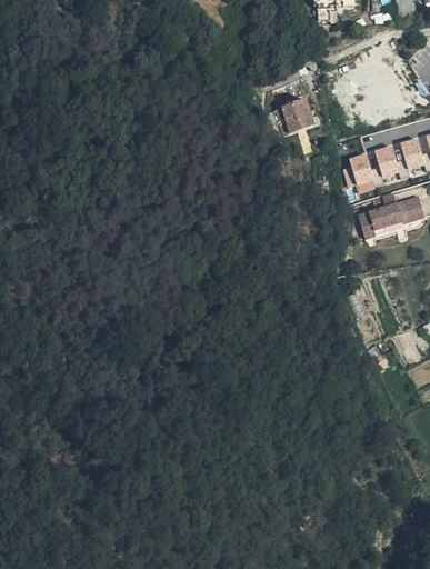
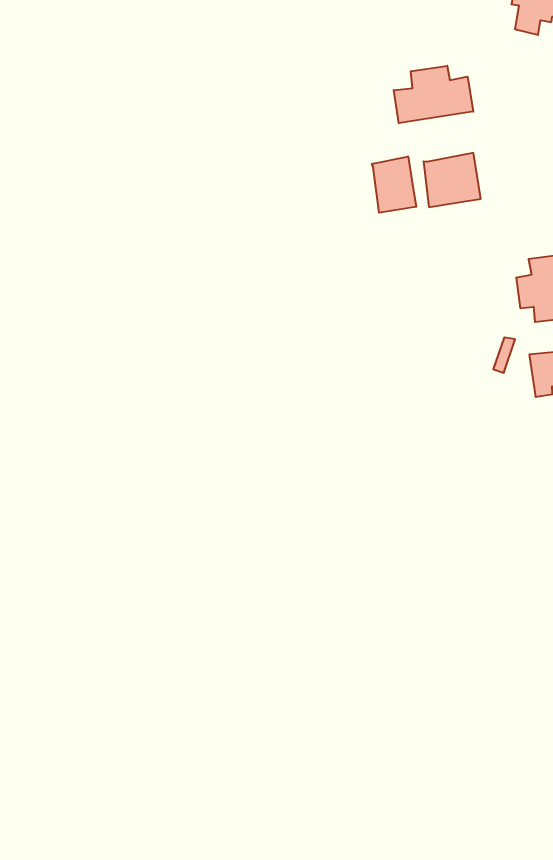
building: none -> [394,66,473,123]
building: none -> [372,156,416,213]

